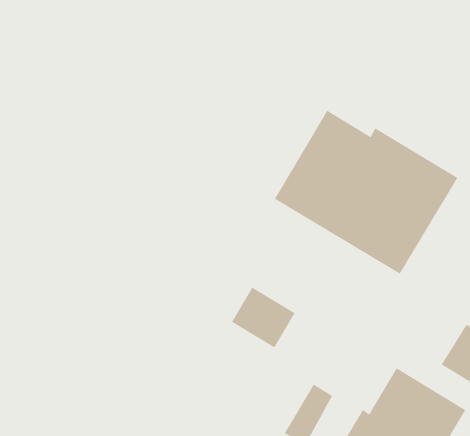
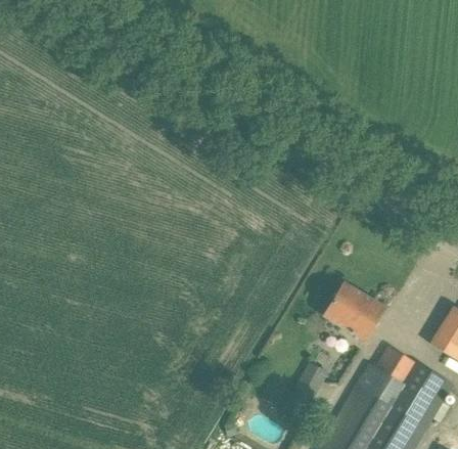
building: [274,110,458,274] -> none
building: [231,287,296,348] -> [325,282,385,340]

